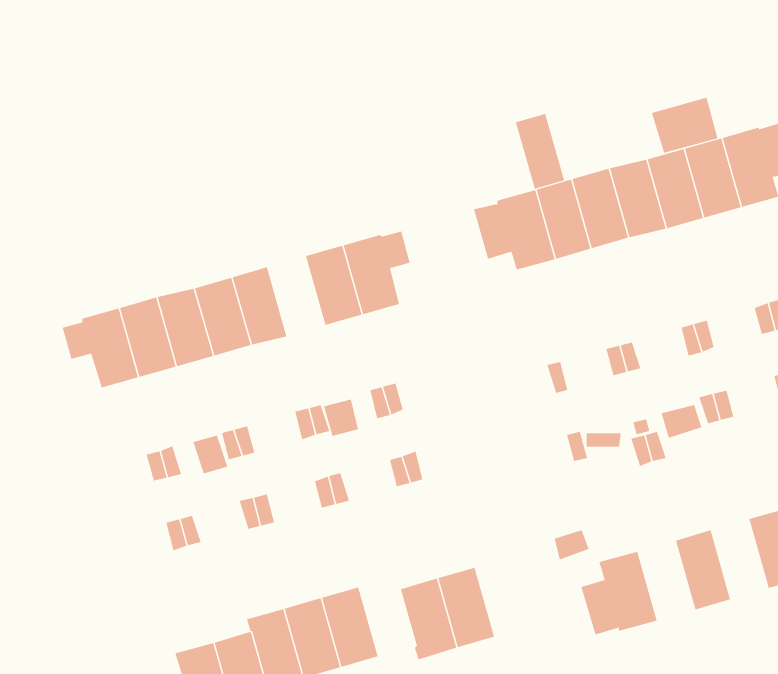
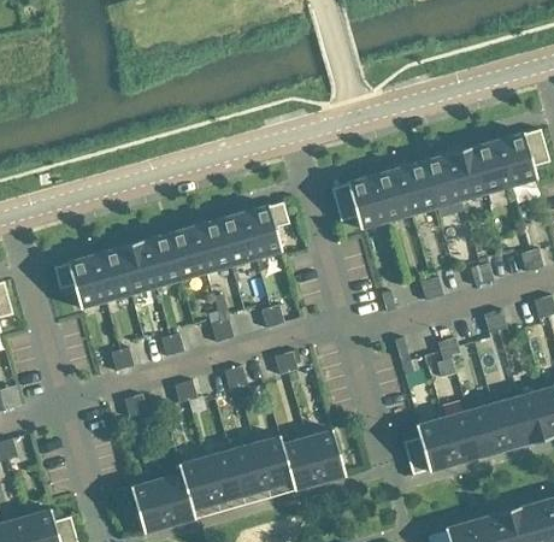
building: [651,97,718,154] -> none
building: [515,113,565,190] -> none
building: none -> [193,219,231,273]
building: none -> [491,396,530,450]
building: none -> [442,411,481,465]
building: none -> [254,435,293,489]

